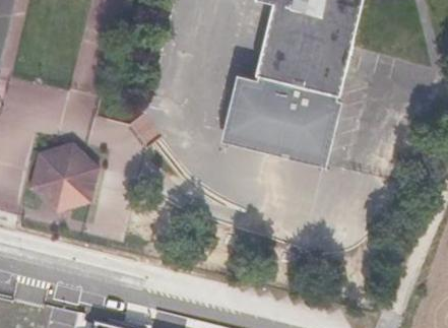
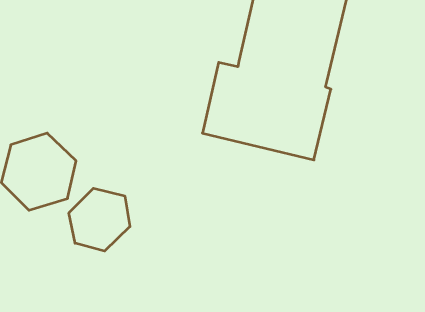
building: none -> [69,188,130,251]

